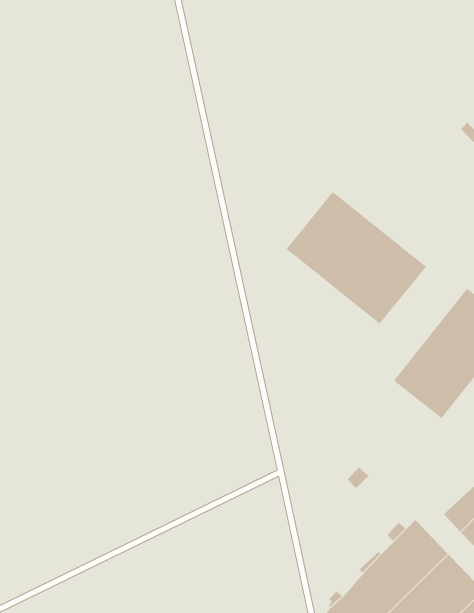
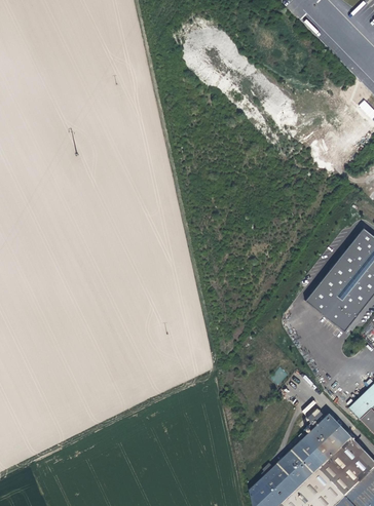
building: [286,191,427,324] -> none

